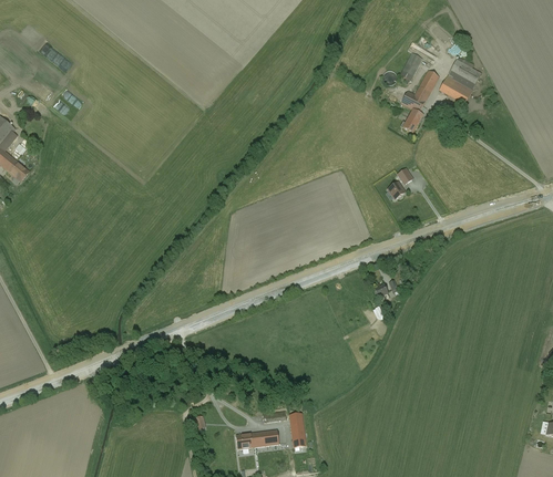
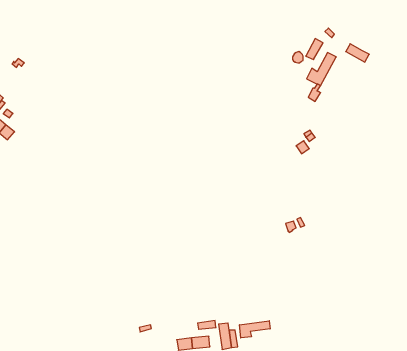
building: [439,74,472,103] -> none
building: none -> [240,321,270,338]

